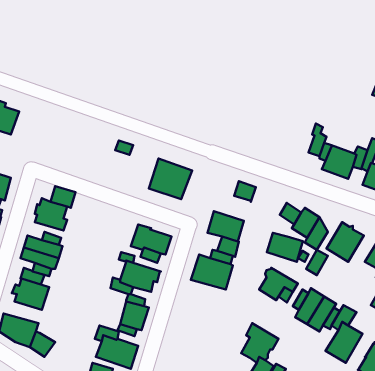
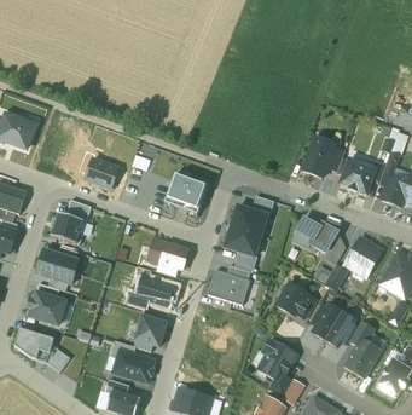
building: none -> [302,142,332,177]
building: none -> [85,157,120,190]
building: [267,233,303,262] -> [231,206,267,235]

